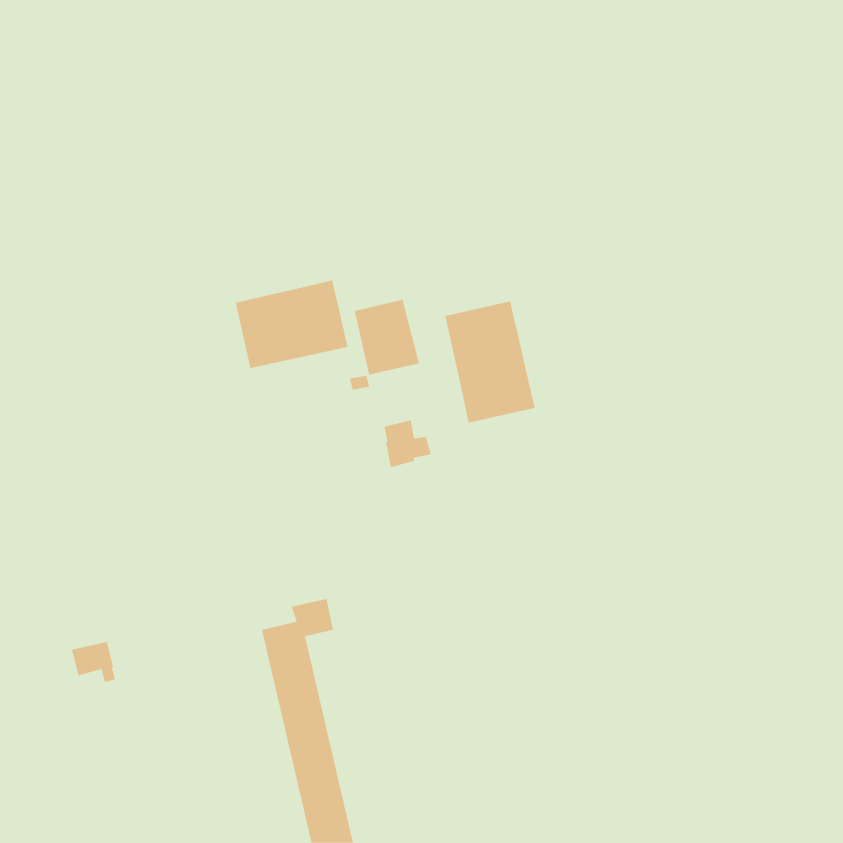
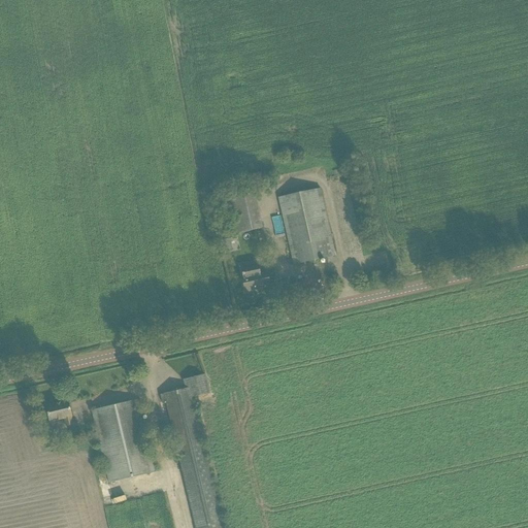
building: [235,279,348,369] -> none
building: none -> [91,399,154,482]

